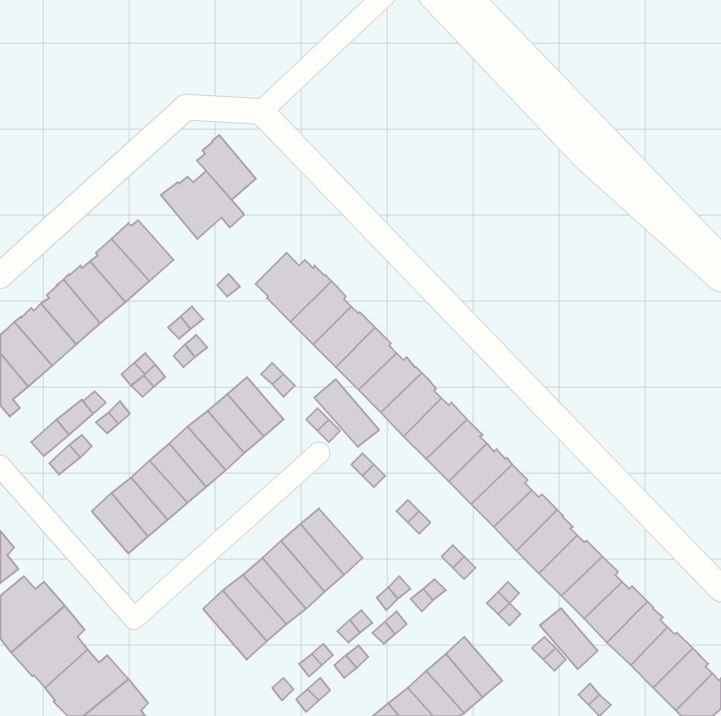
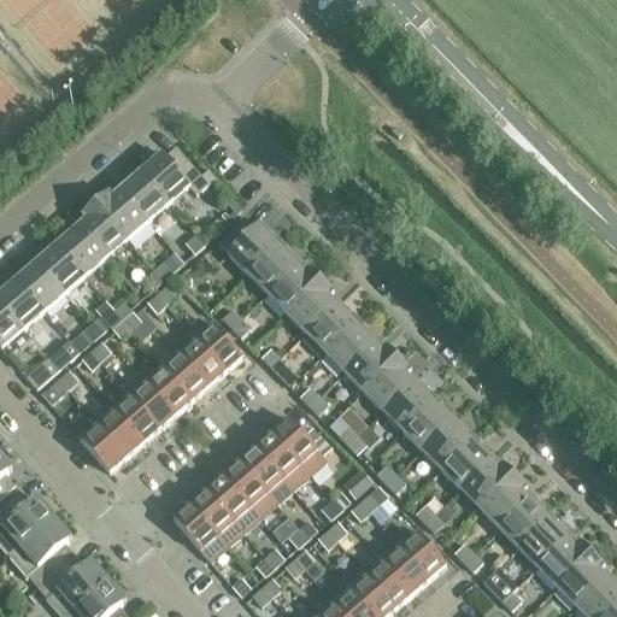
building: [197,135,256,200] -> [118,166,169,222]
building: [314,379,379,447] -> [272,418,328,476]
building: [540,608,598,669] -> [396,529,446,581]

